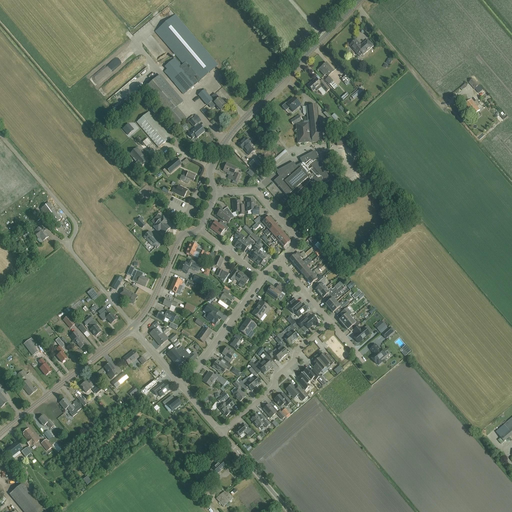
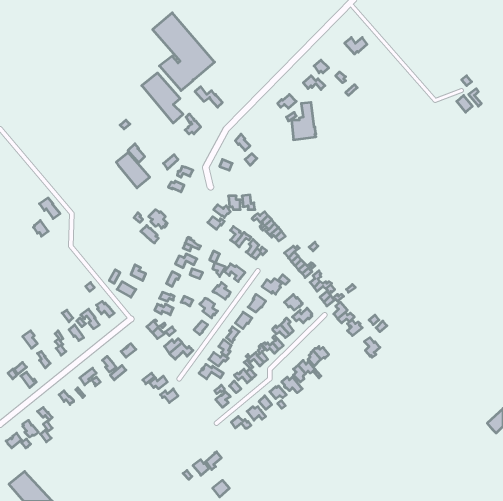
building: [137,110,171,146] -> [116,152,150,188]
building: [274,149,330,199] -> none

